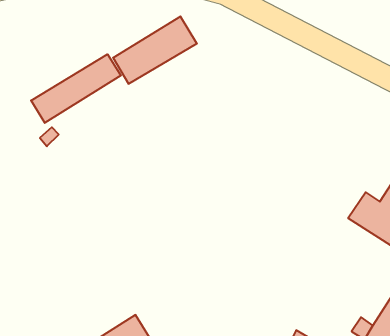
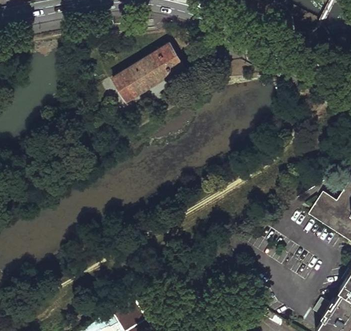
building: [31,54,121,123] -> none

